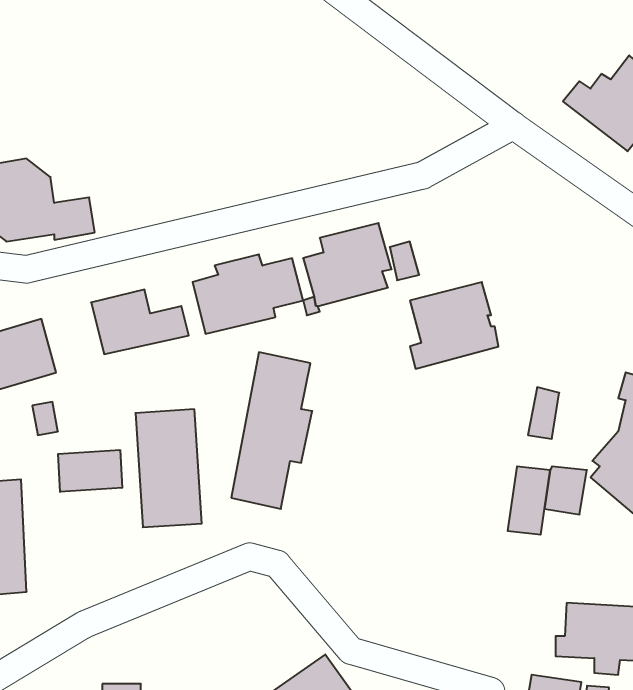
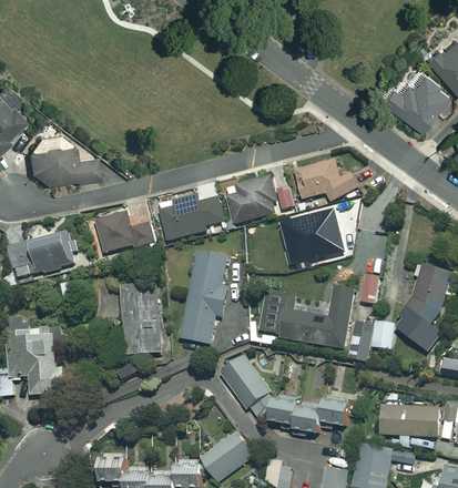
building: none -> [295,160,359,201]
building: none -> [257,284,355,348]
building: [58,450,122,492] -> none
building: none -> [222,357,271,418]
building: none -> [322,395,350,427]
building: none -> [271,400,319,434]

